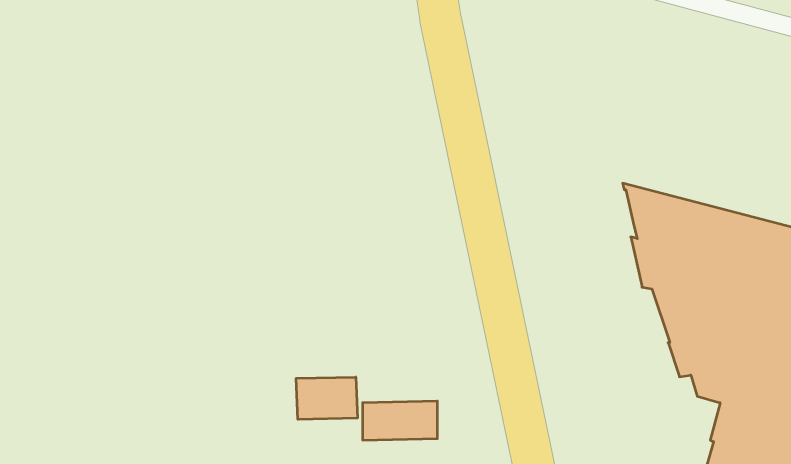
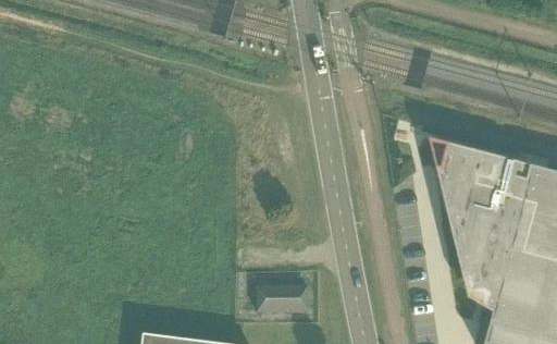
building: [296,377,357,419] -> none

